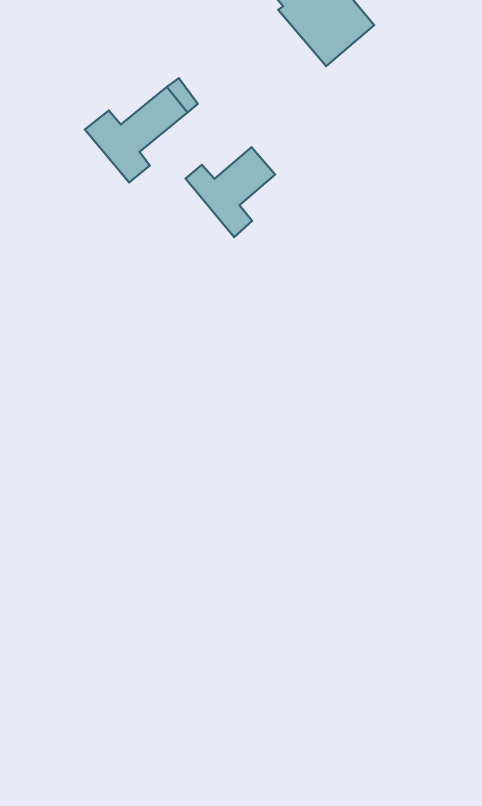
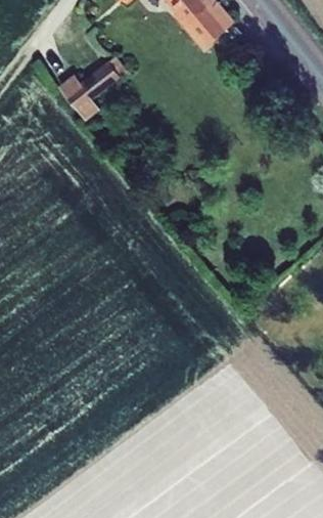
building: [186,147,275,237] -> none

